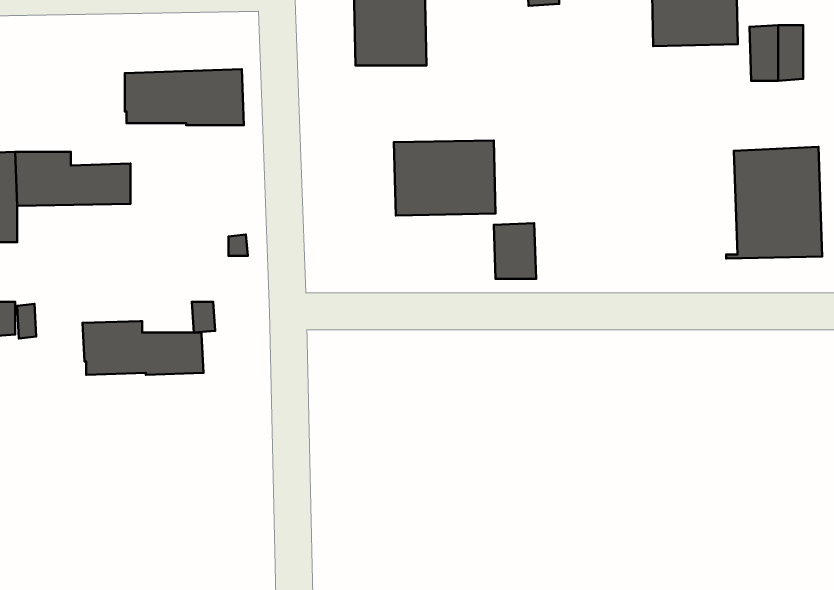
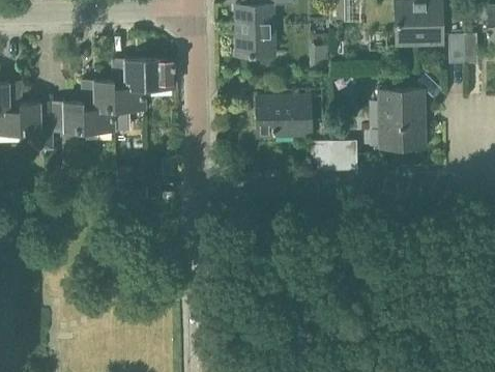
building: [726,147,822,258] -> [373,90,425,150]
building: none -> [331,142,356,172]
building: [82,321,204,375] -> [80,82,145,111]

